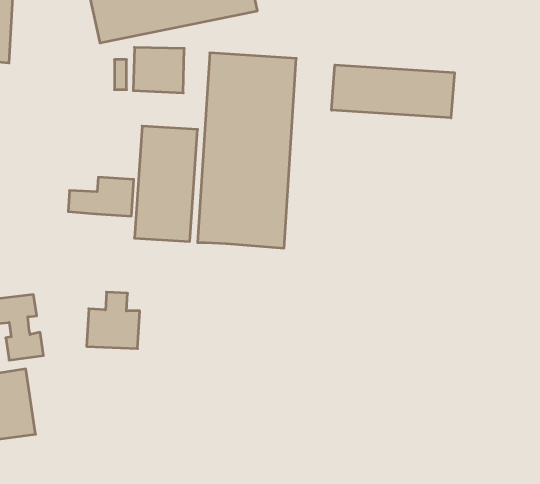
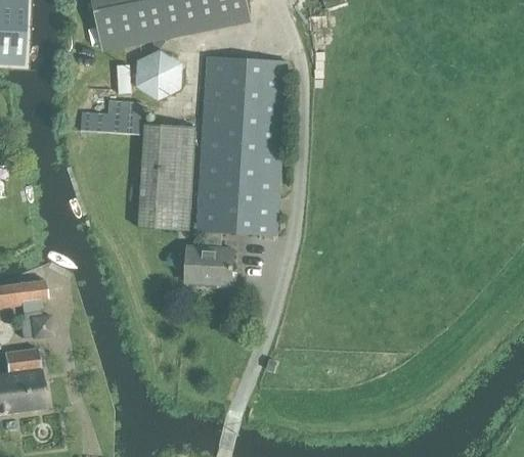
building: [332,65,454,118] -> none
building: [68,177,134,216] -> [81,99,141,135]
building: [87,292,140,349] -> [184,231,233,283]

